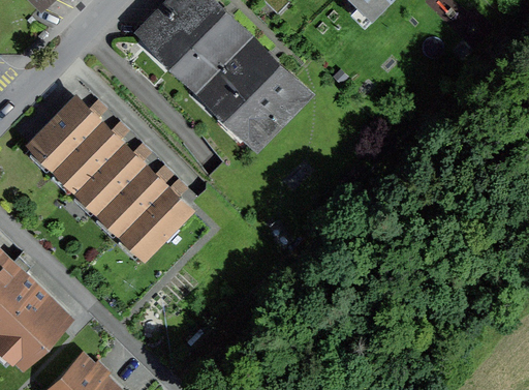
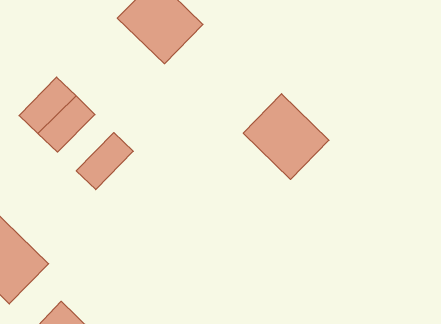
building: [201,38,301,138] -> [243,94,329,179]
building: [77,143,143,208] -> none
building: [122,185,187,251] -> none

